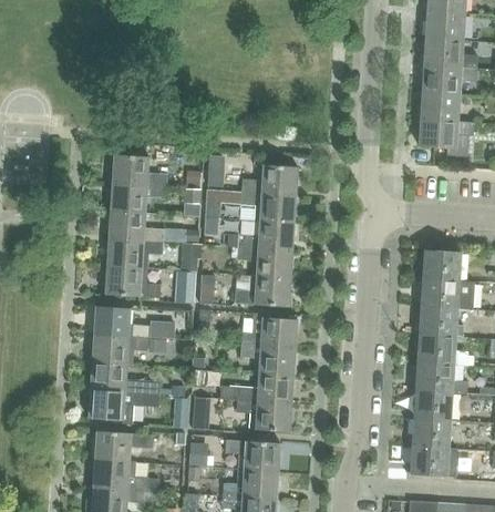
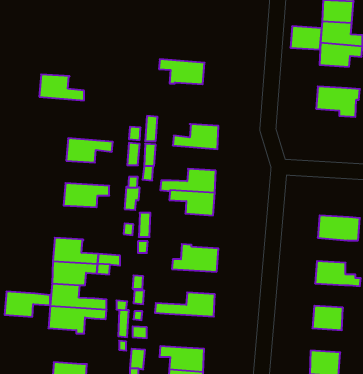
building: [421,92,460,121] -> [290,26,322,50]
building: [112,155,167,187] -> [39,74,84,100]
building: [240,192,297,223] -> [159,59,205,84]
building: [109,211,164,242] -> none
building: [423,249,461,280] -> none
building: [105,266,161,298] -> none
building: [235,275,291,307] -> none
building: [420,306,463,337] -> none
building: [240,345,296,376] -> none
building: [416,362,467,395] -> none
building: [237,400,292,432] -> none
building: [412,418,451,448] -> none
building: [94,431,151,462] -> [5,292,50,317]

